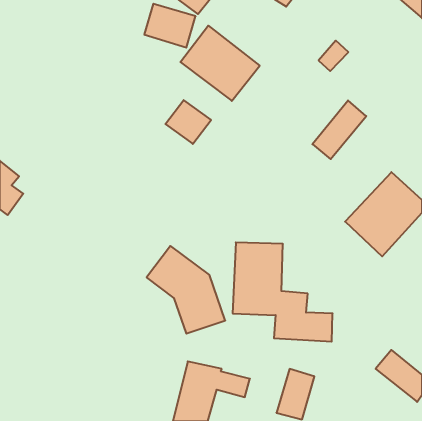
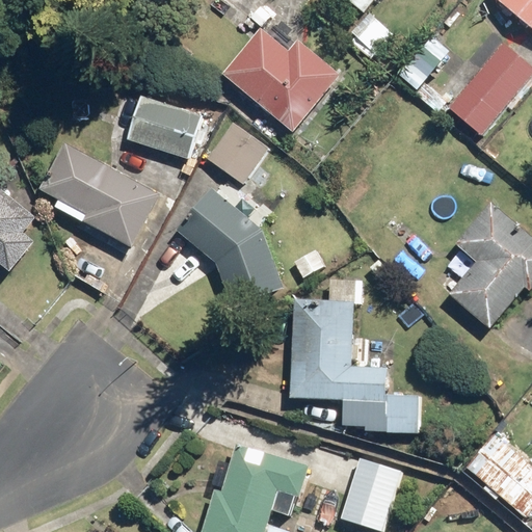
building: [144,4,196,48] -> [134,101,198,156]
building: [312,100,366,159] -> [457,55,525,129]
building: none -> [44,152,154,236]
building: [147,246,225,334] -> [183,196,282,307]

